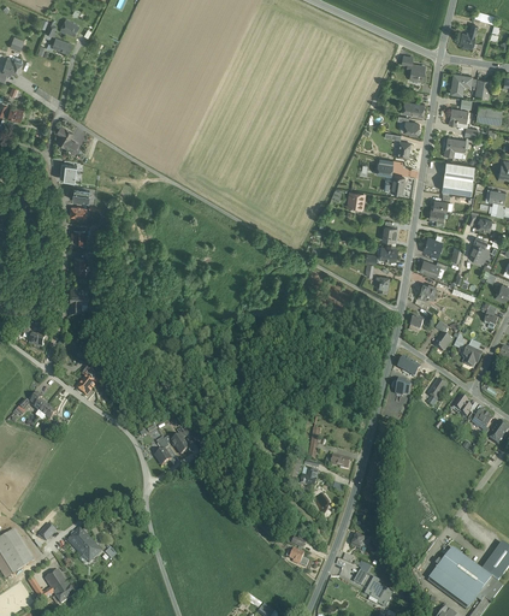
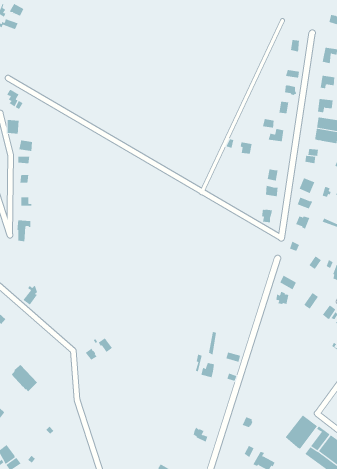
building: [67,527,101,562] -> [11,364,38,392]
building: none -> [285,415,318,449]

